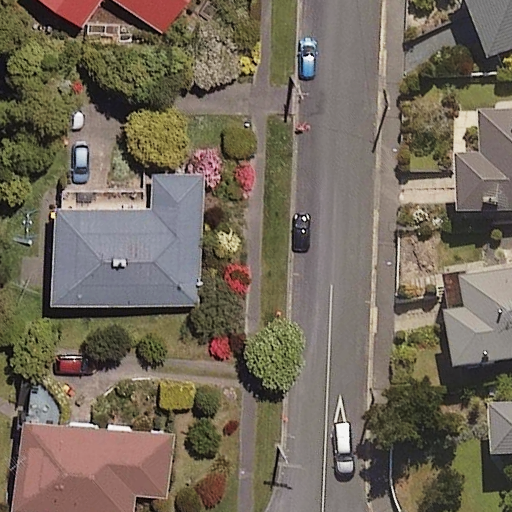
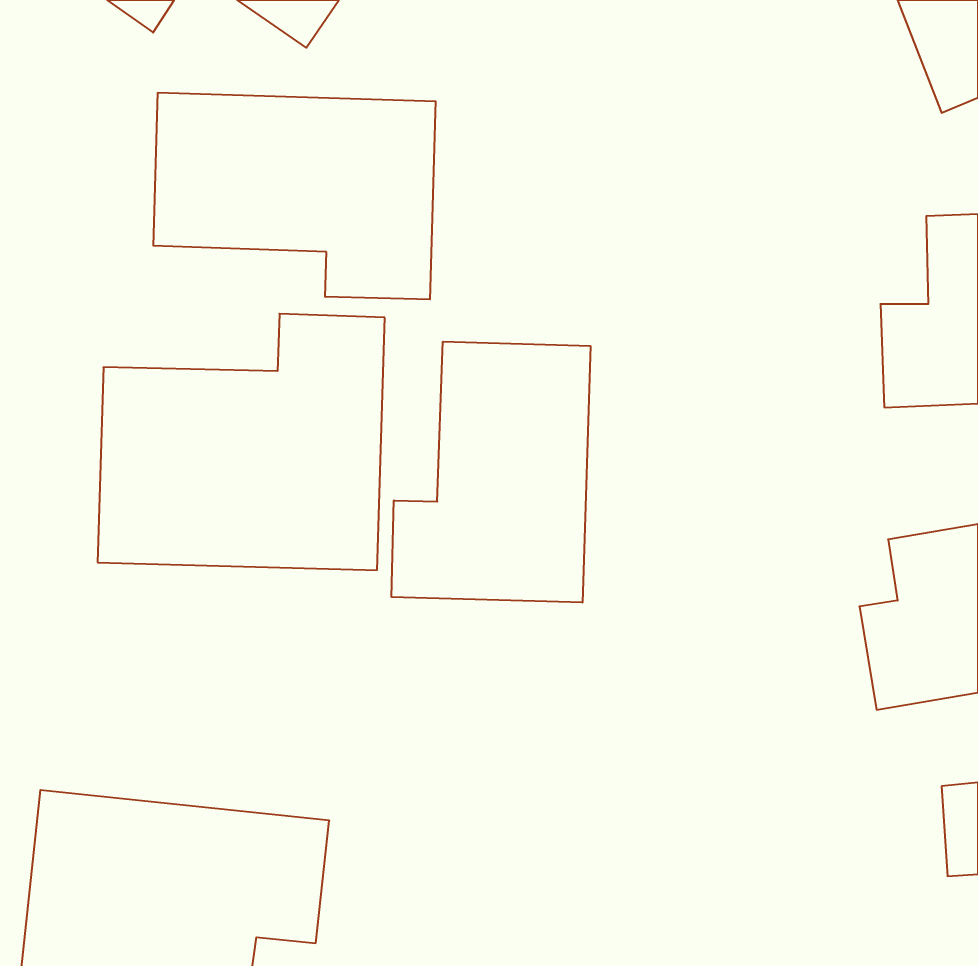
building: none -> [153,93,436,299]
building: none -> [392,342,590,603]

